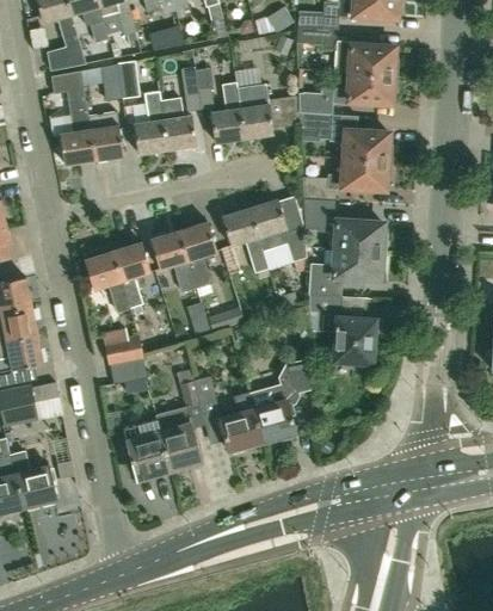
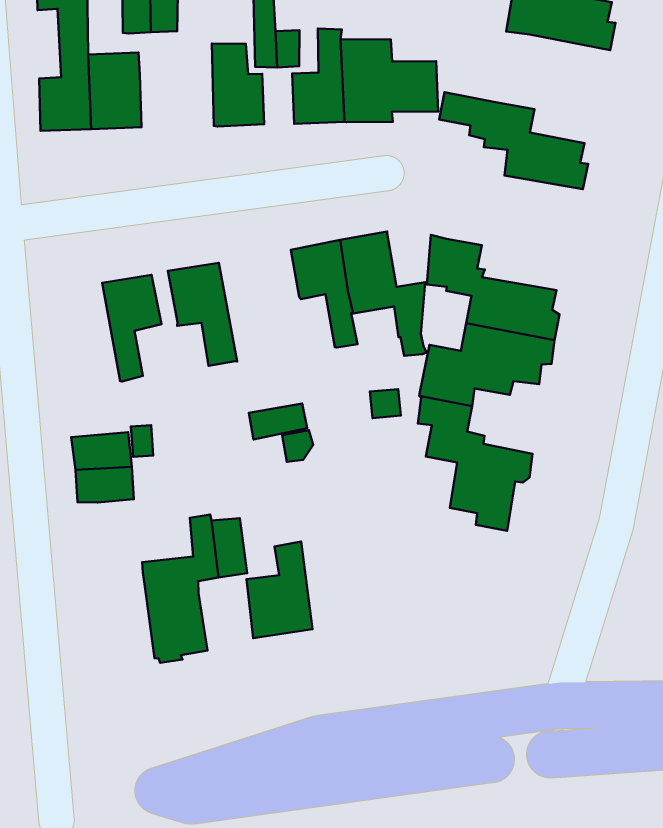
building: [301,72,398,115] -> none
building: [134,92,167,154] -> none
building: [302,158,392,200] -> none
building: [180,221,217,288] -> none
building: [84,249,130,311] -> none
building: [249,357,313,442] -> none
building: [124,420,171,480] -> none

